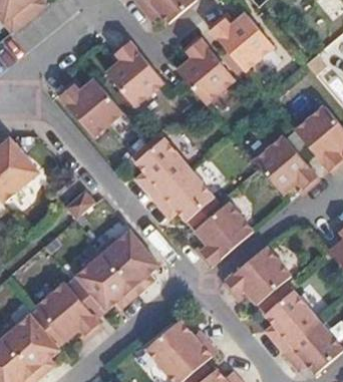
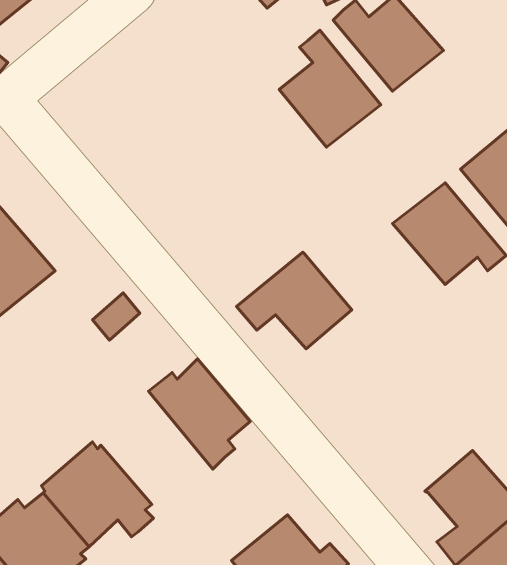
building: [110,41,163,104] -> none
building: [58,78,121,135] -> none
building: [132,131,190,199] -> none
building: [192,201,254,268] -> none
building: [222,245,293,308] -> none
building: [70,249,136,316] -> none

